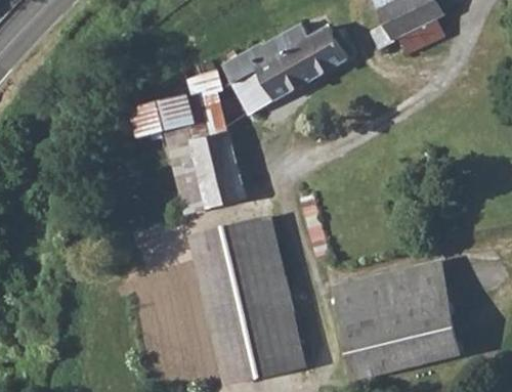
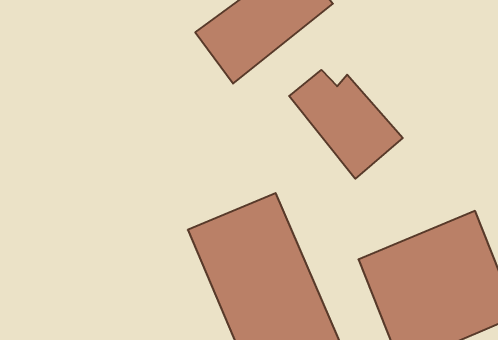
building: [132,69,245,214] -> none
building: none -> [289,70,403,179]

